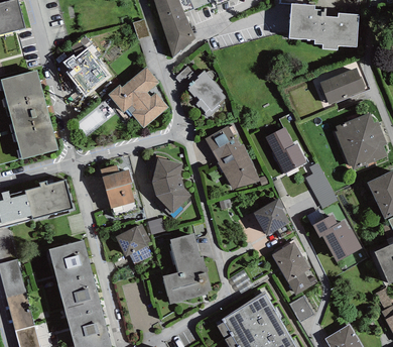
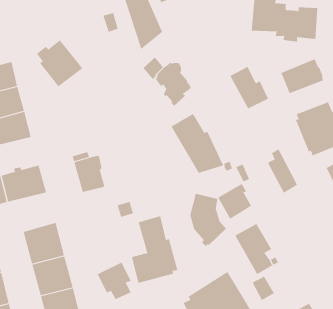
building: [108,68,168,128] -> none
building: [265,128,306,174] -> [229,66,269,109]
building: [152,158,191,215] -> [190,193,227,247]
building: [312,215,362,262] -> none
building: [115,224,151,264] -> [97,262,131,300]

